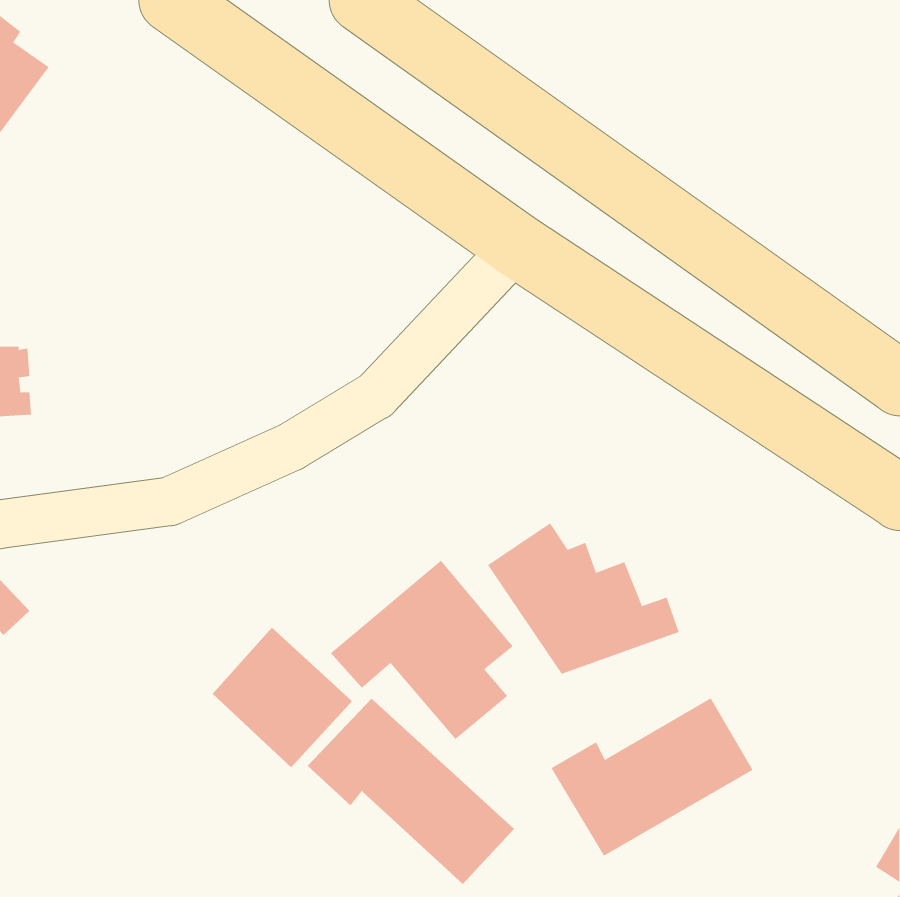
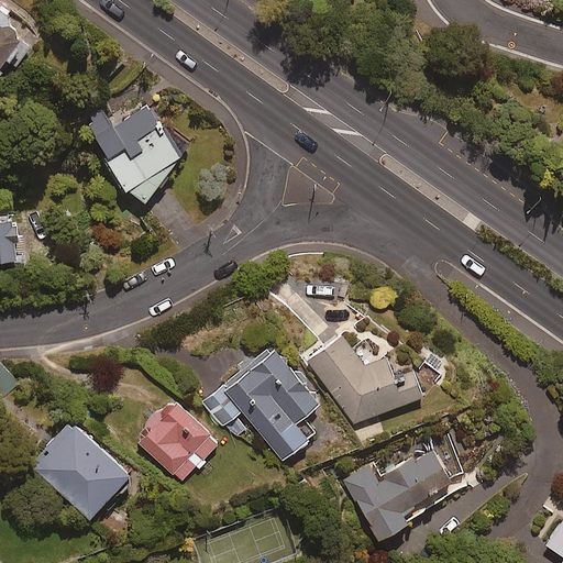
building: none -> [92,106,186,211]
building: none -> [29,419,129,519]
building: [307,698,515,885] -> none

